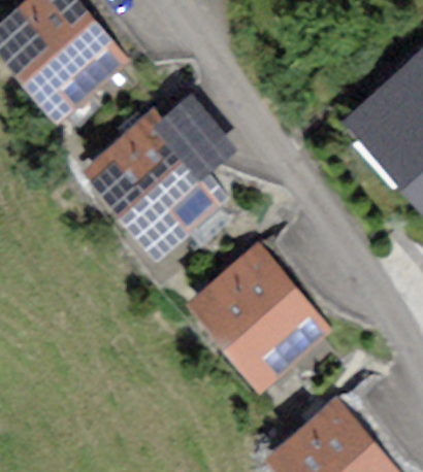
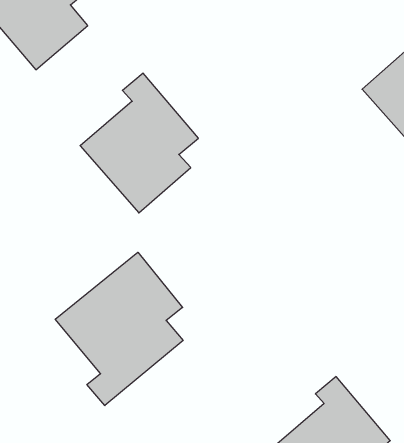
building: [194,239,300,372] -> none
building: none -> [55,252,183,406]

